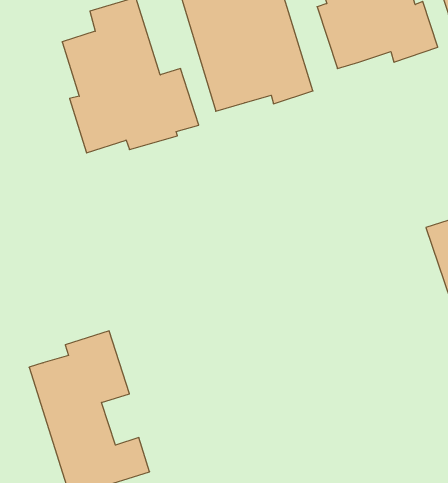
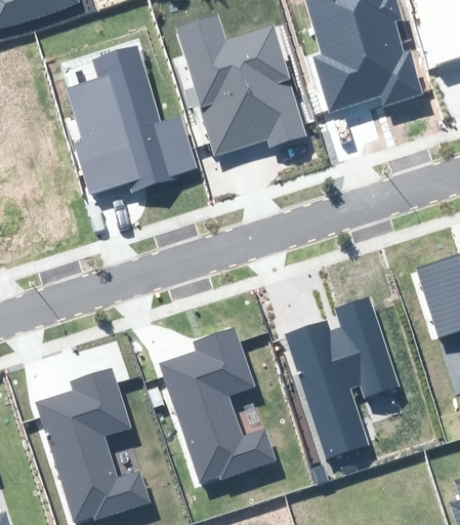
building: none -> [286,295,401,457]
building: none -> [161,329,275,483]

